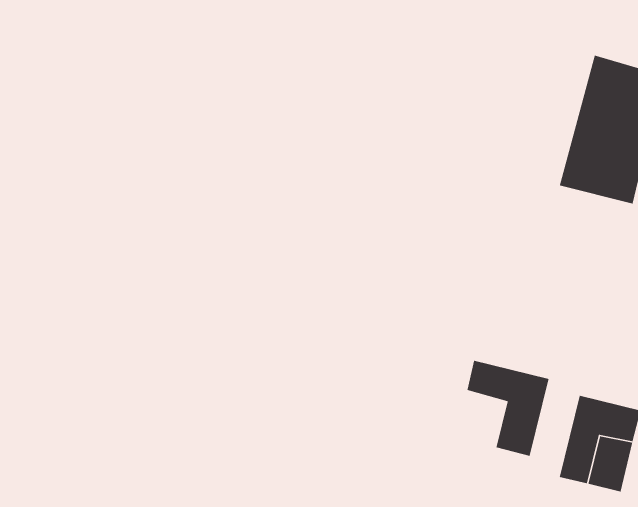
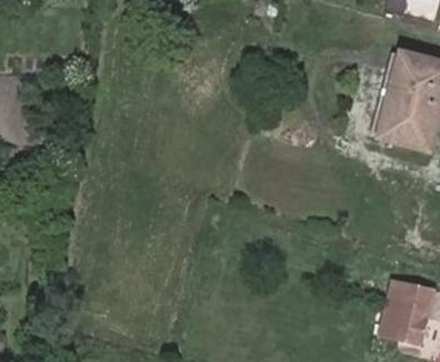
building: [467,360,549,457] -> none

